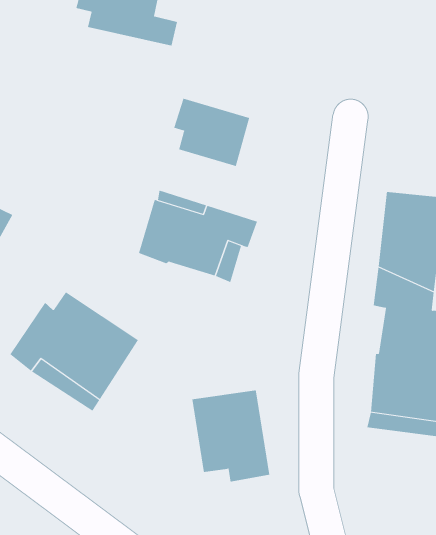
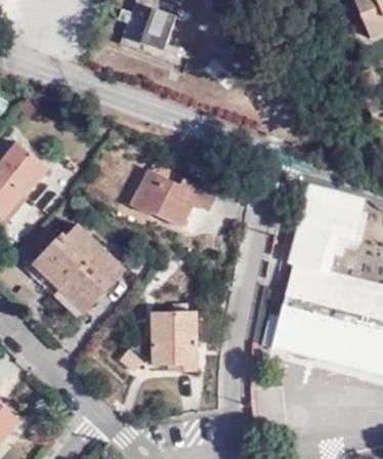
building: [173,98,250,167] -> none

